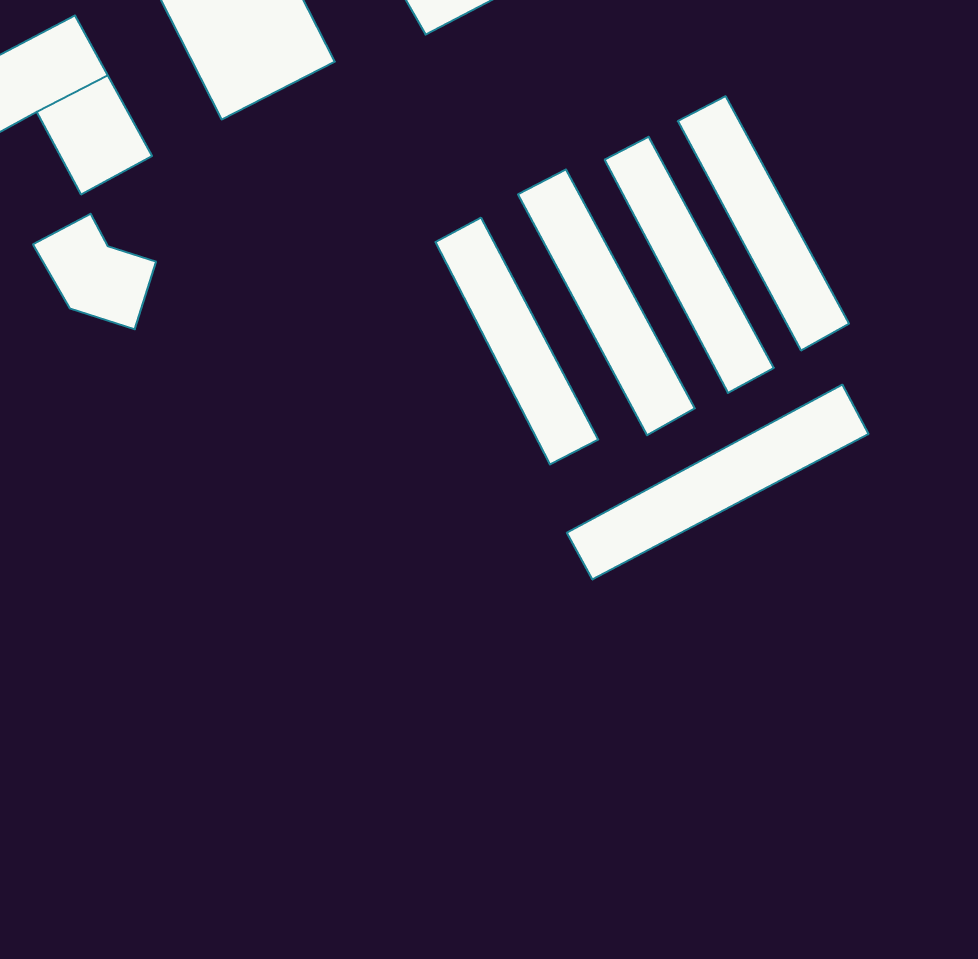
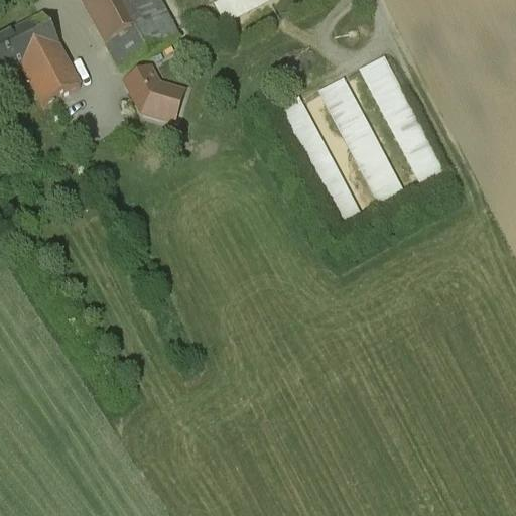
building: [33,214,156,329] -> [119,57,183,118]
building: [435,218,598,465] -> none
building: [567,385,868,580] -> none

